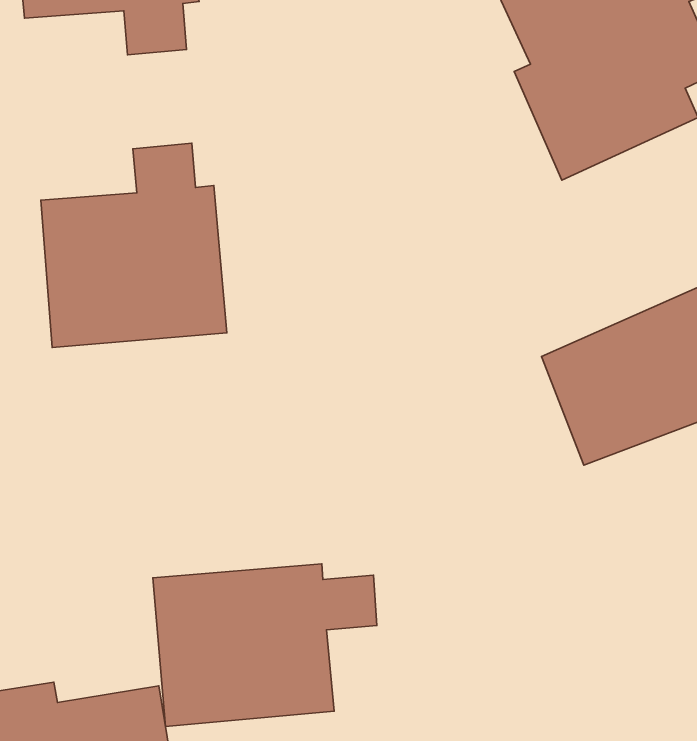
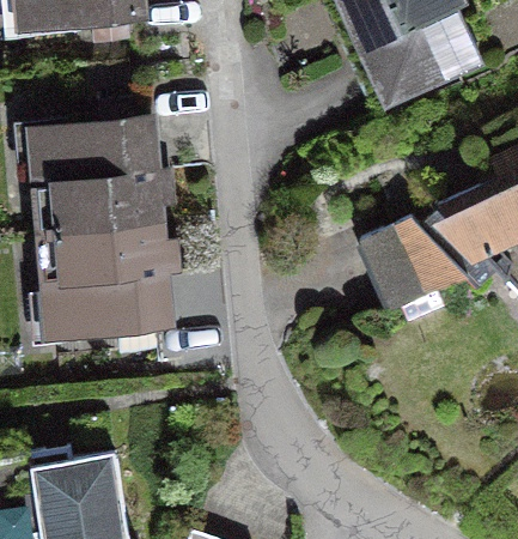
building: none -> [48,219,170,341]
building: [153,564,377,727] -> none

